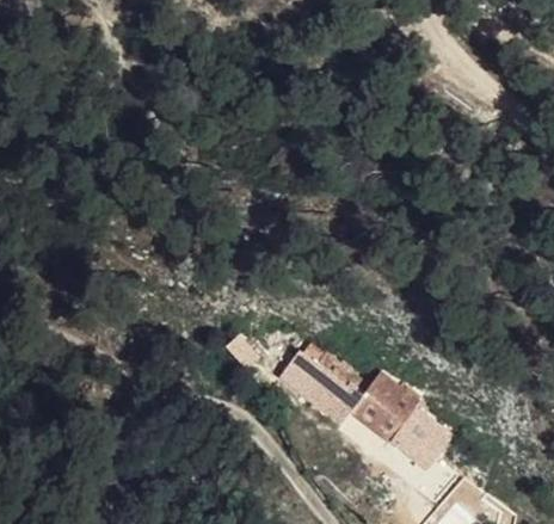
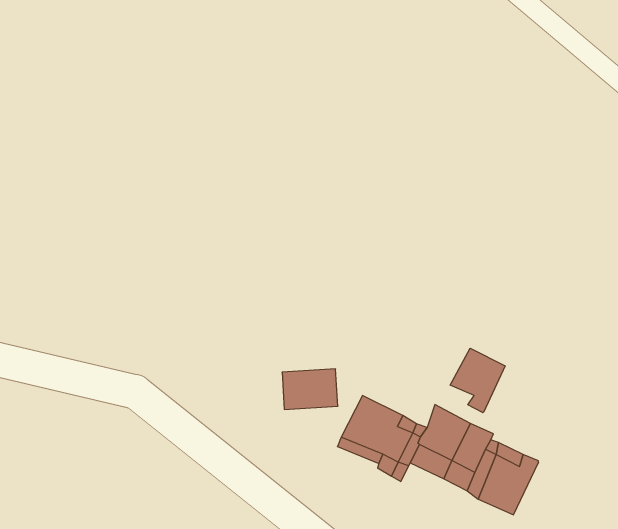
building: none -> [450,348,505,413]

